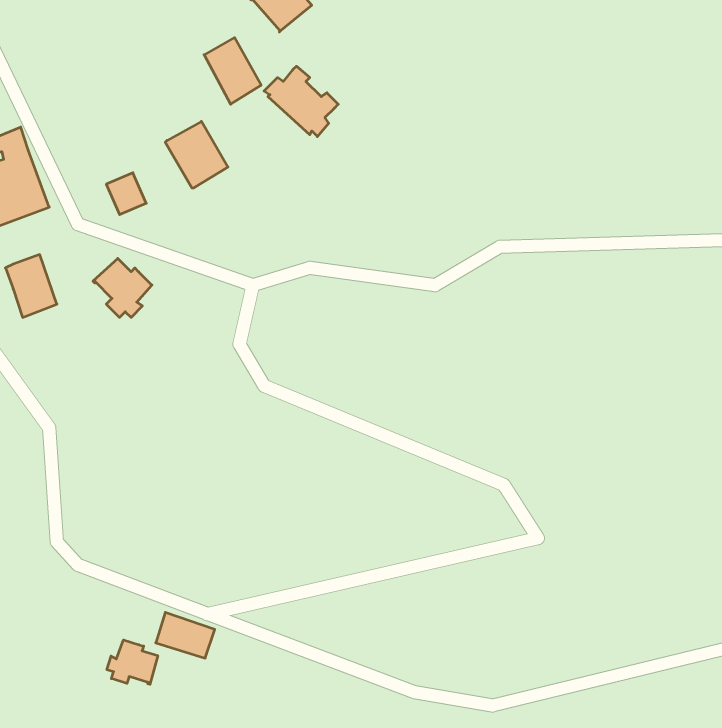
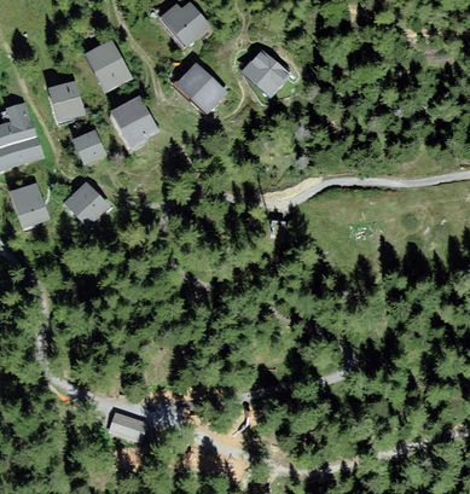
building: [204,38,261,104] -> [89,45,126,87]
building: none -> [245,53,285,92]
building: none -> [52,85,81,118]
building: [107,640,158,684] -> none

